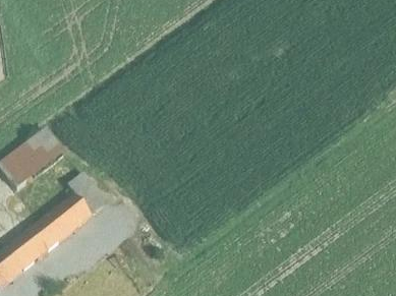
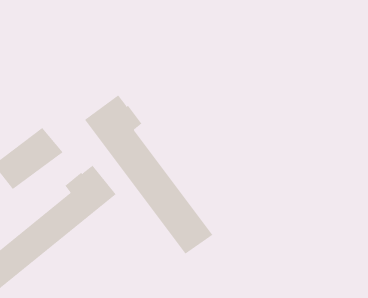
building: none -> [84,94,213,254]

